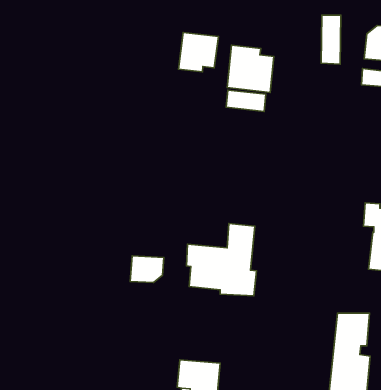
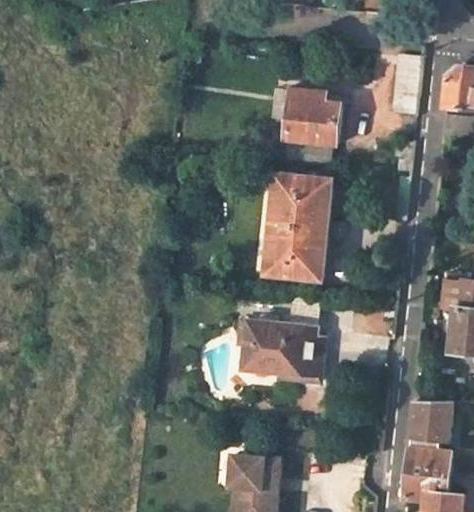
building: [178,32,219,72] -> none
building: none -> [265,176,335,279]
building: [130,256,164,282] -> none

